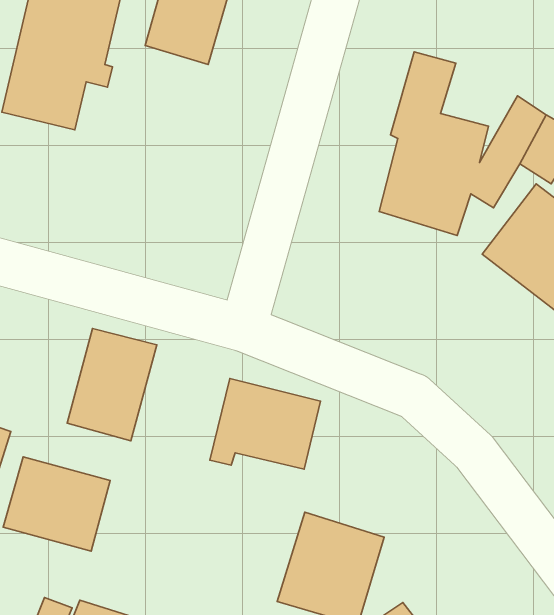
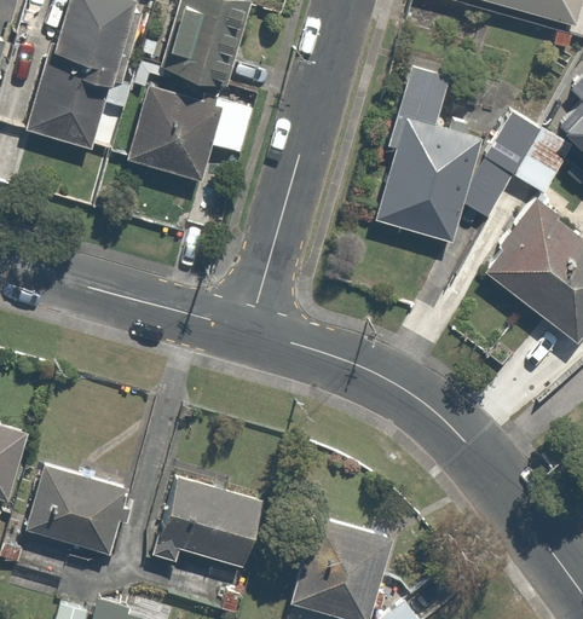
building: none -> [123,87,259,185]
building: [67,328,157,441] -> none
building: [210,378,320,469] -> [155,475,261,562]

